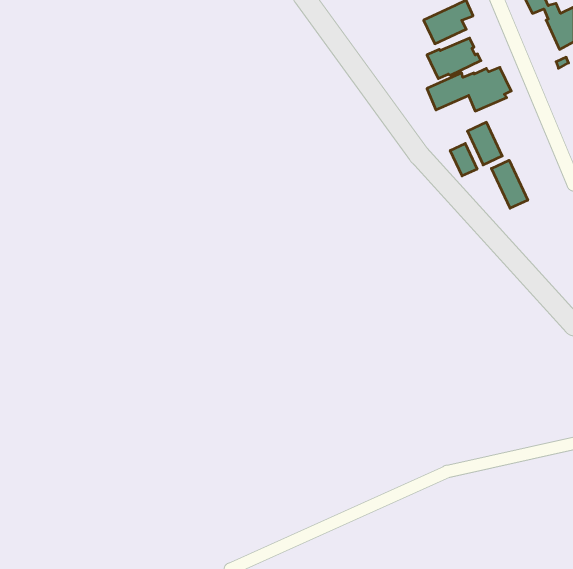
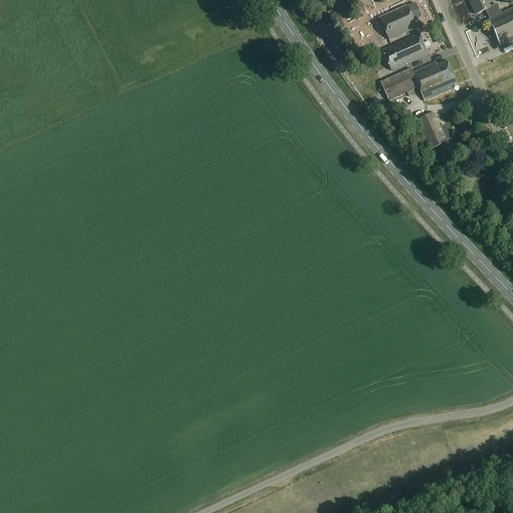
building: [450,143,477,176] -> none
building: [491,160,528,208] -> none

